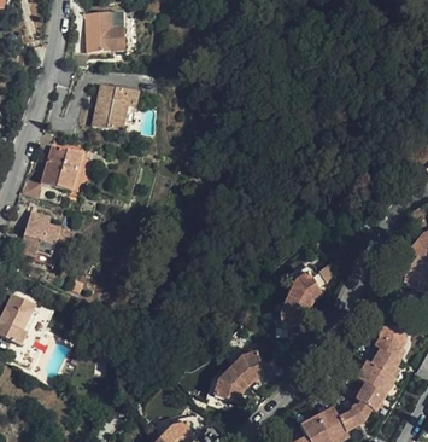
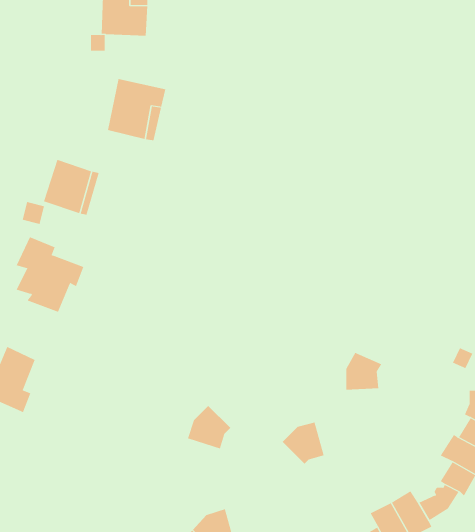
building: [288,272,323,306] -> none
building: [213,367,248,402] -> [187,405,231,449]

